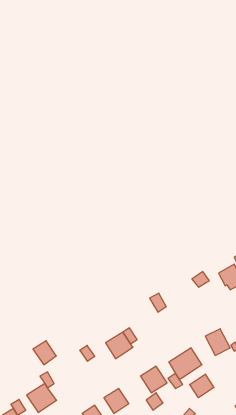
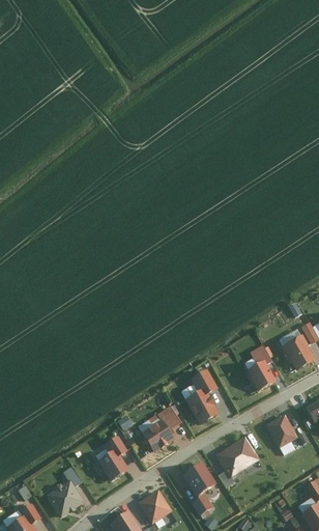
building: none -> [249,357,278,387]
building: none -> [184,389,219,425]
building: [33,341,56,365] -> [97,449,126,479]
building: [190,374,214,398] -> none

